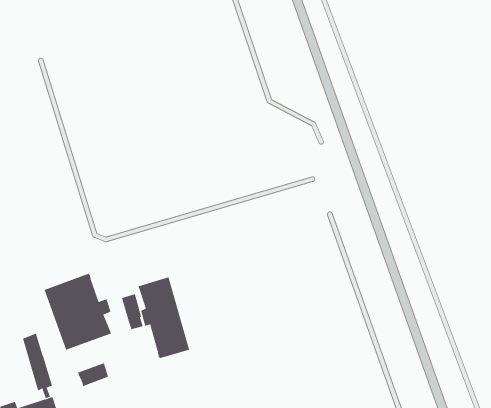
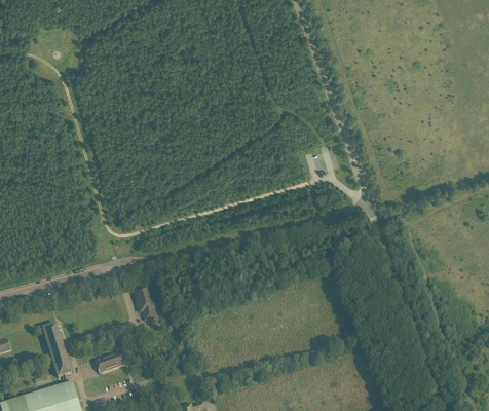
building: [44,273,112,351] -> none
building: [138,277,190,359] -> none

